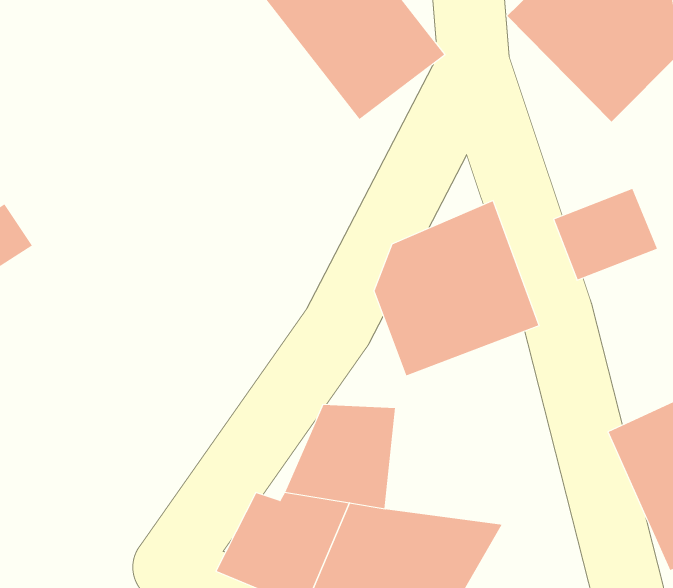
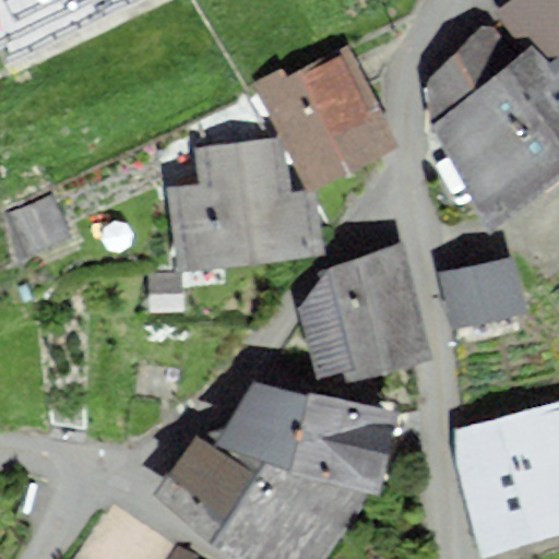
building: none -> [171,142,306,271]
building: none -> [288,393,394,490]

